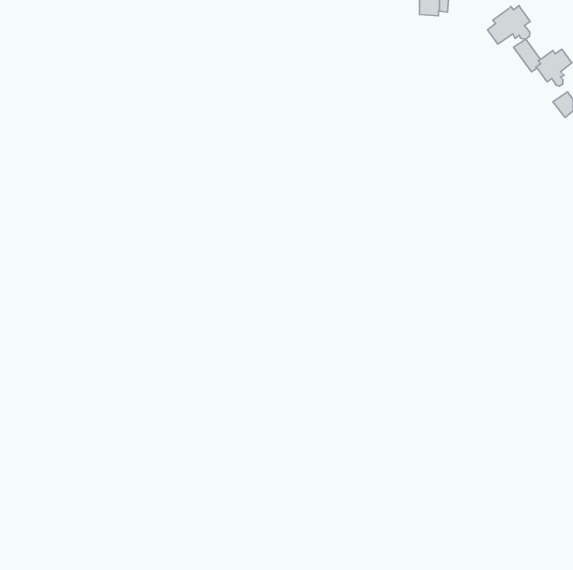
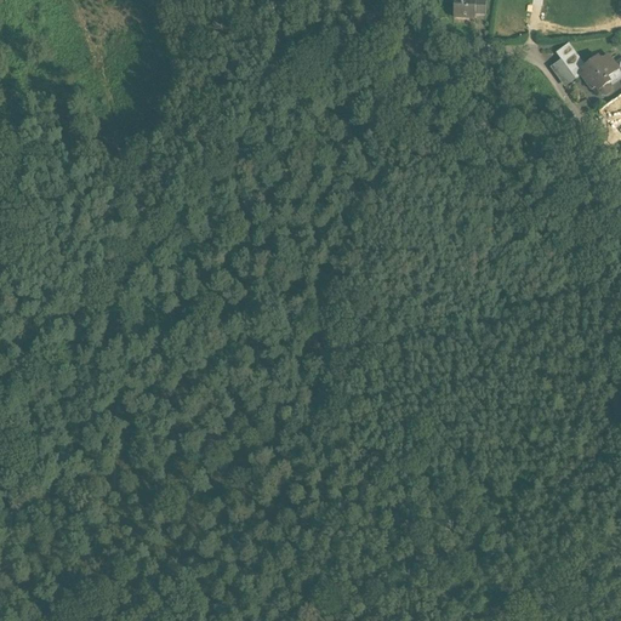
building: [487,6,530,44] -> none

